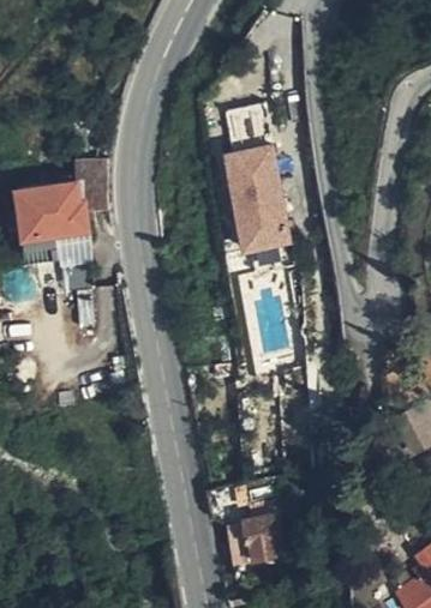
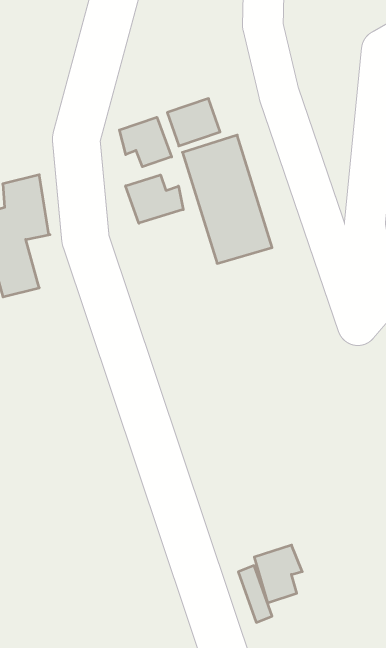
building: none -> [119,117,172,167]
building: none -> [126,175,183,223]

